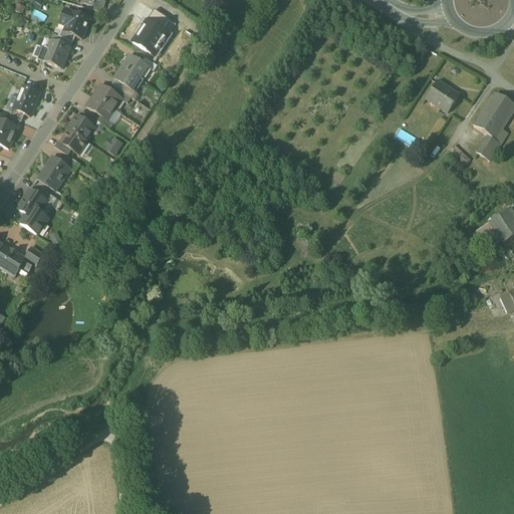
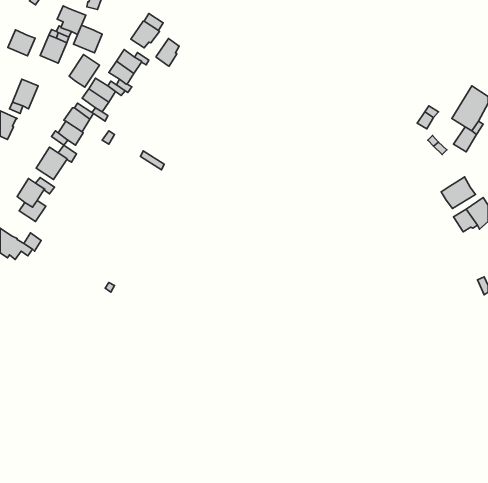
building: none -> [74,25,102,53]
building: none -> [8,30,35,56]
building: none -> [156,38,179,66]
building: none -> [69,54,100,87]
building: [425,78,458,110] -> none
building: none -> [441,177,475,208]

